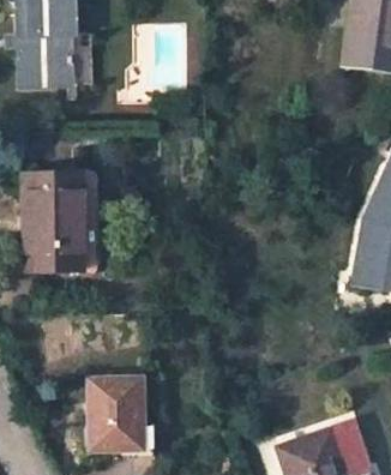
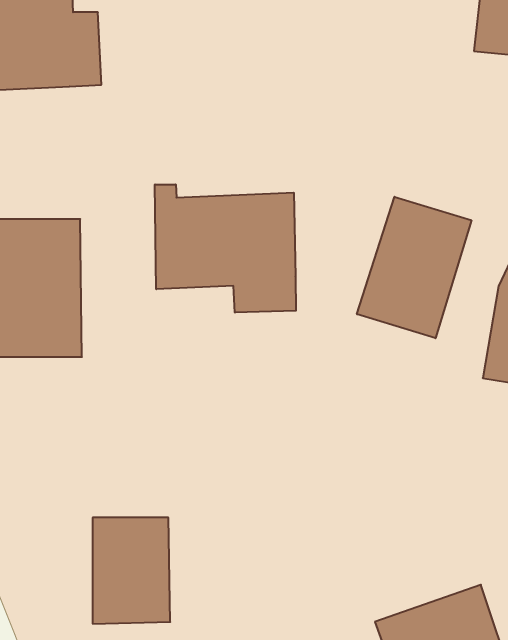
building: none -> [155,184,296,313]
building: none -> [357,197,471,338]

